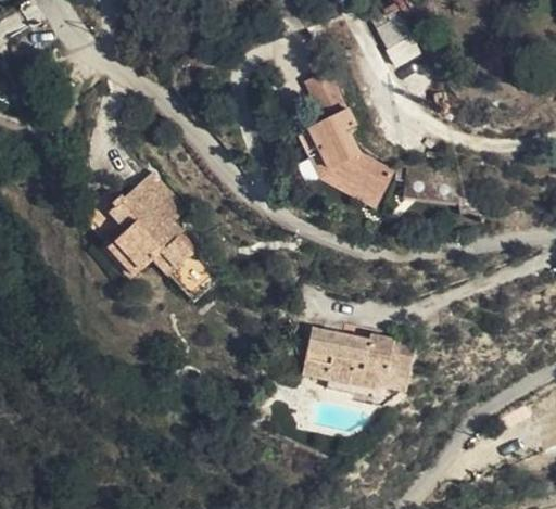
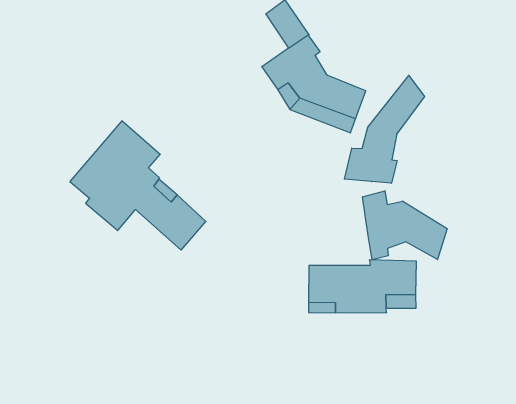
building: none -> [344,75,425,183]
building: none -> [363,191,447,260]

